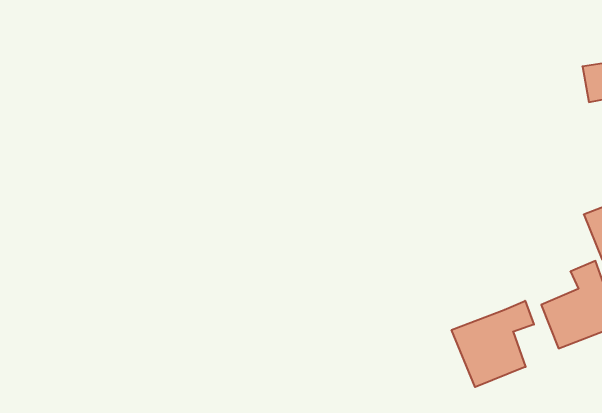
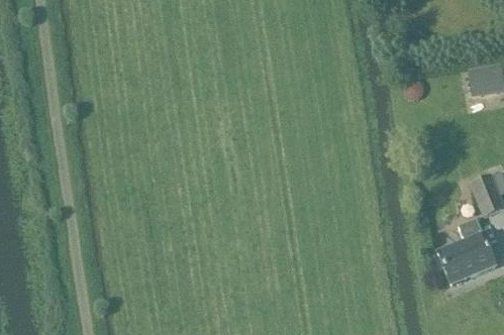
building: [452,301,534,387] -> none

